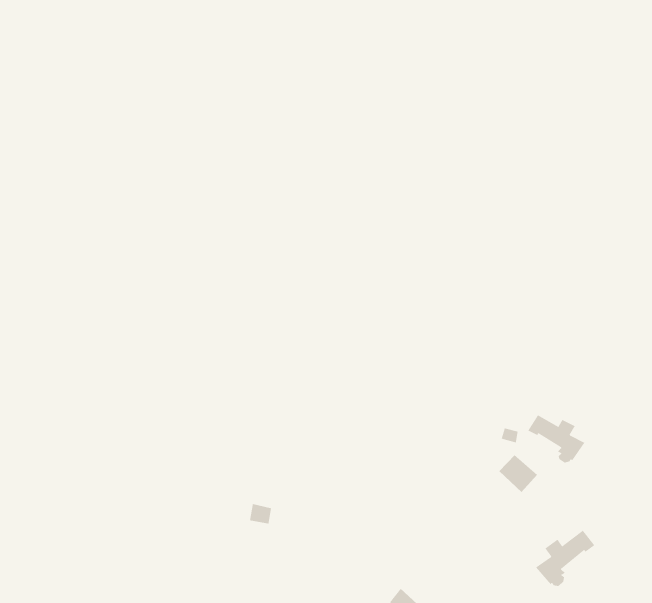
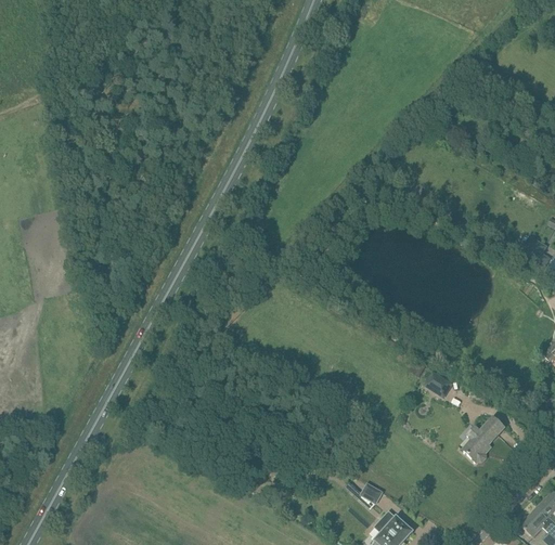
building: [527,414,585,464] -> none

